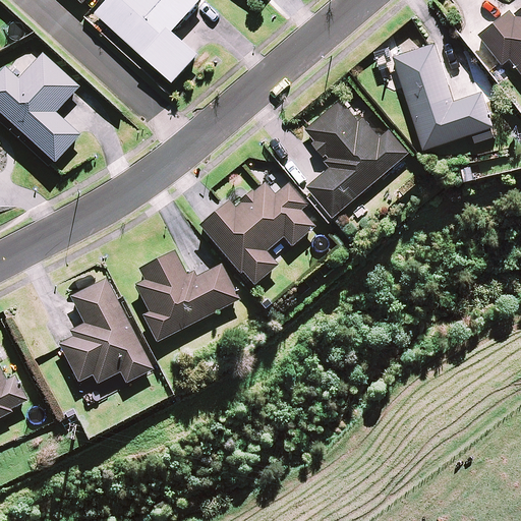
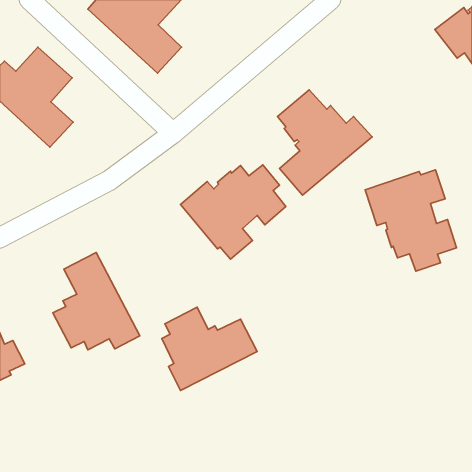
building: [393,41,494,149] -> none
building: none -> [365,170,457,271]
building: [135,250,240,342] -> [162,307,257,390]

